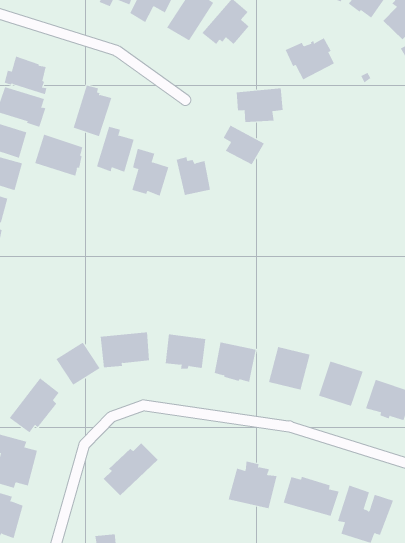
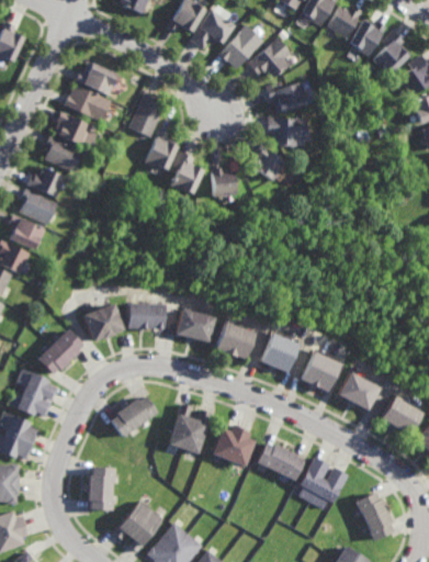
building: [285,37,335,80] -> [267,81,306,114]
building: [34,134,83,177] -> none
building: none -> [168,404,212,454]

